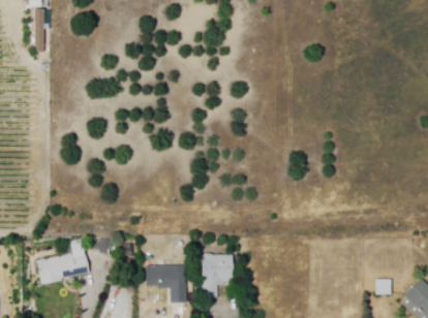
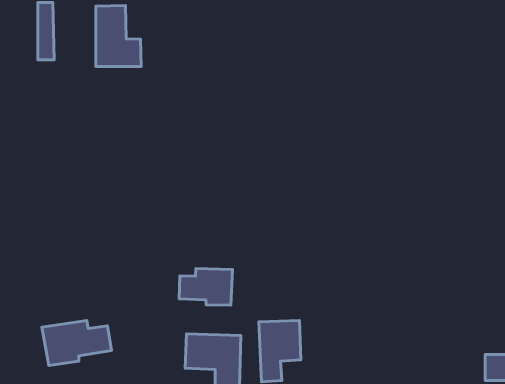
building: none -> [96,6,141,66]
building: none -> [179,268,233,305]

